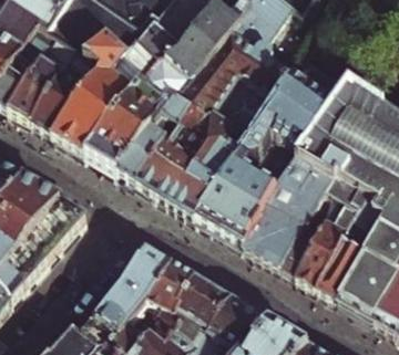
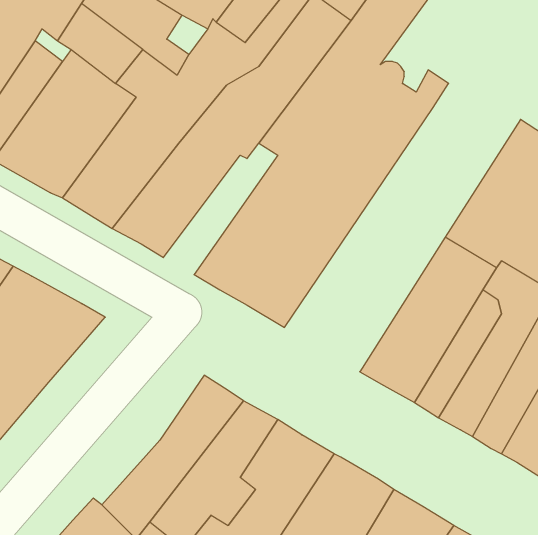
building: [198,73,351,244] -> none
building: [120,96,194,181] -> none

